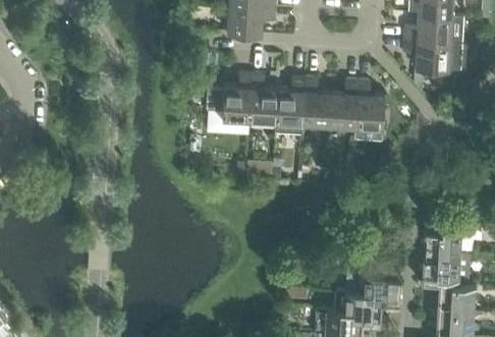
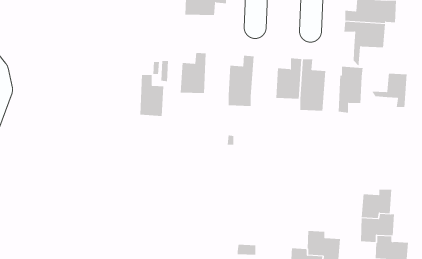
building: [250,76,277,123] -> [139,74,164,117]
building: [301,79,330,126] -> none
building: none -> [338,66,363,113]
building: none -> [371,73,407,108]

